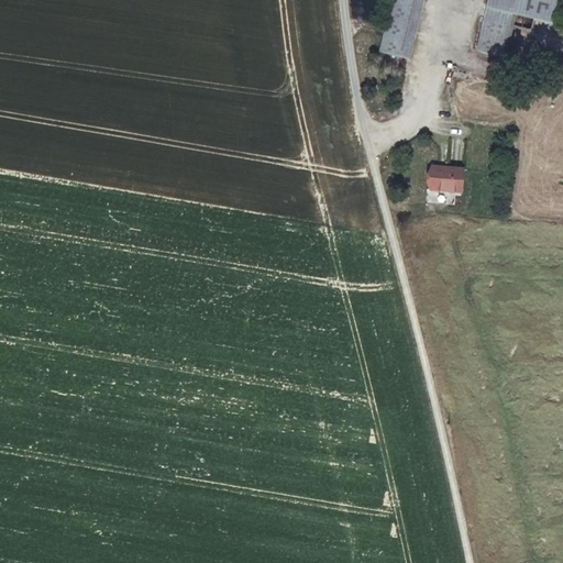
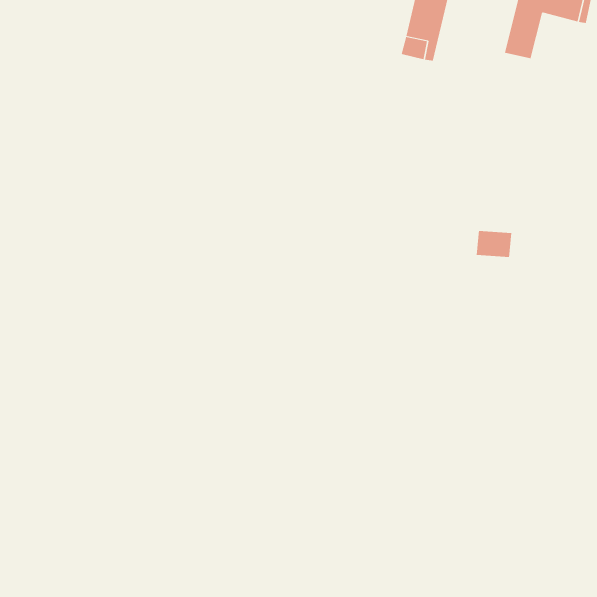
building: [429,165,463,190] -> [476,230,512,257]

